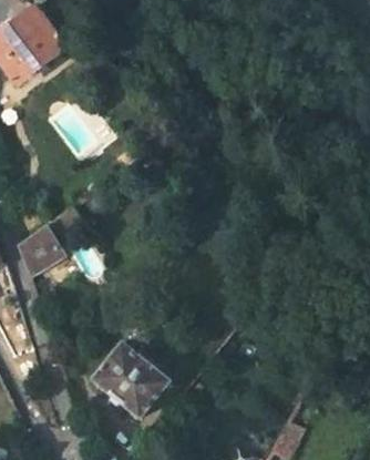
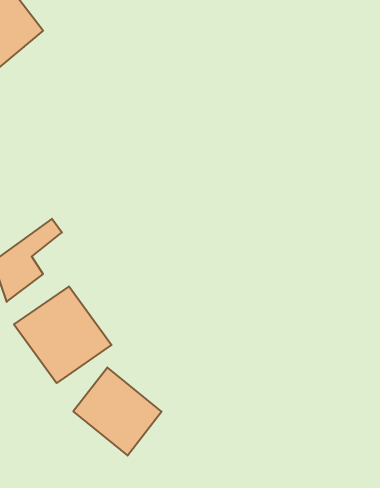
building: none -> [14,286,112,383]

